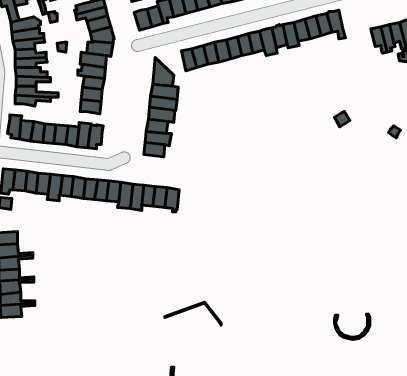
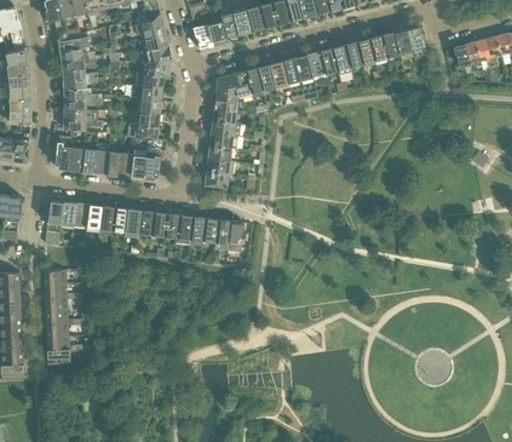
building: none -> [217,70,252,99]

